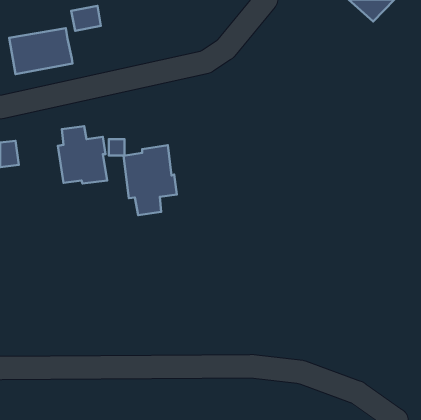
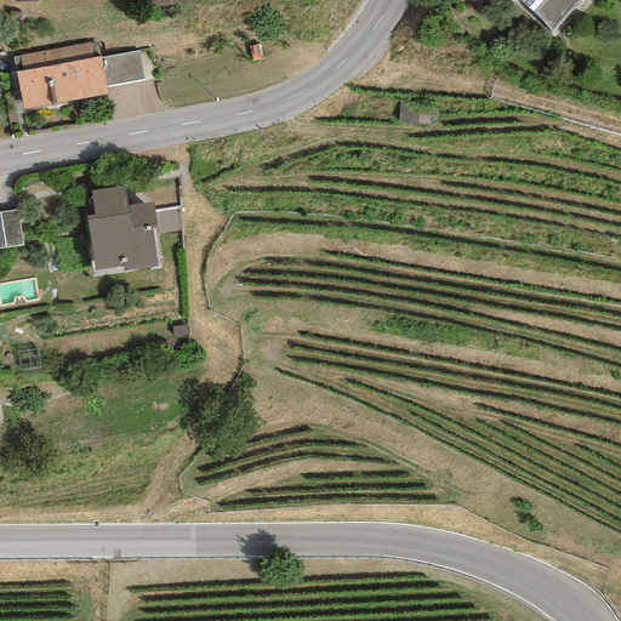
building: [71,6,101,31] -> [99,50,143,86]
building: [123,145,177,215] -> none

